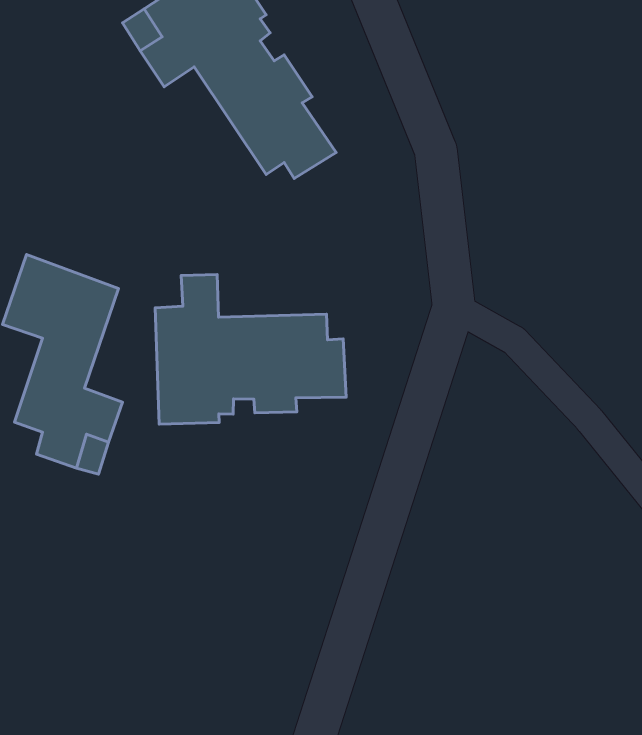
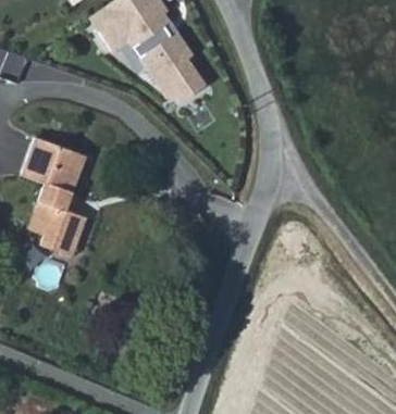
building: [155,274,346,424] -> none

